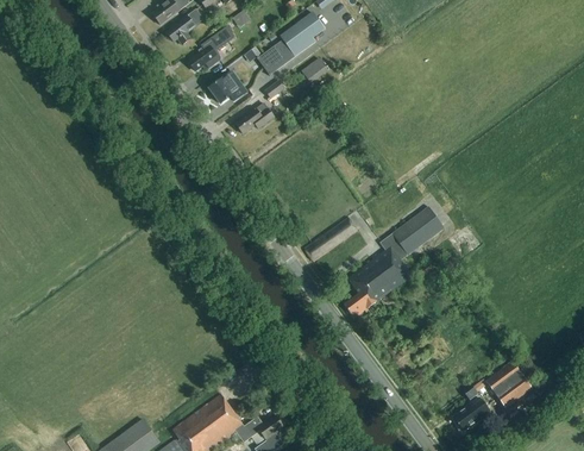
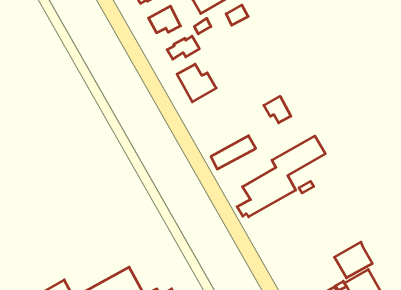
building: none -> [177,64,216,102]
building: none -> [264,96,291,123]
building: none -> [334,242,372,278]

